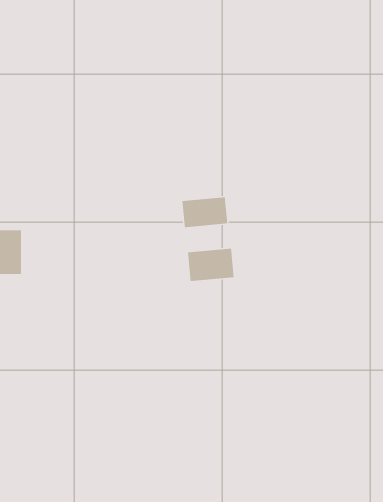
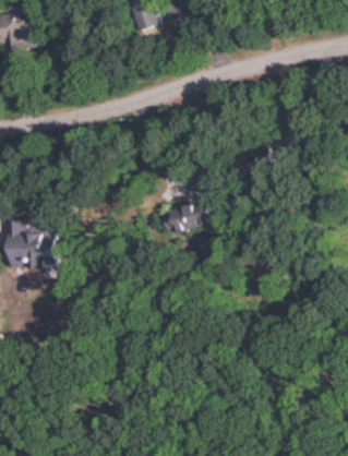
building: [187,248,235,282] -> none

